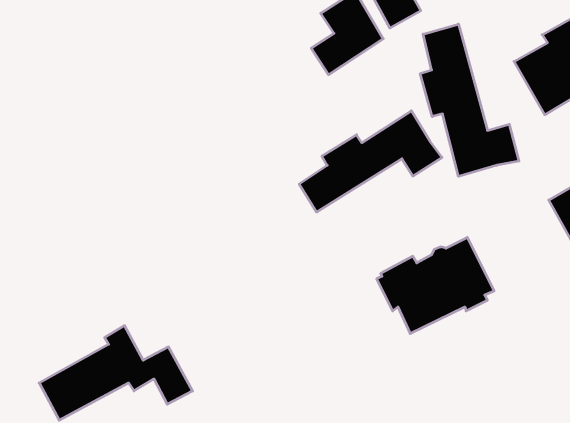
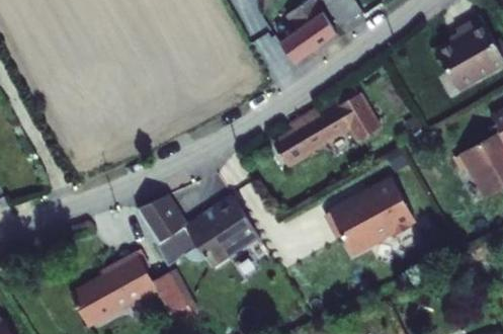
building: [420,24,519,176] -> none
building: none -> [140,191,265,265]

